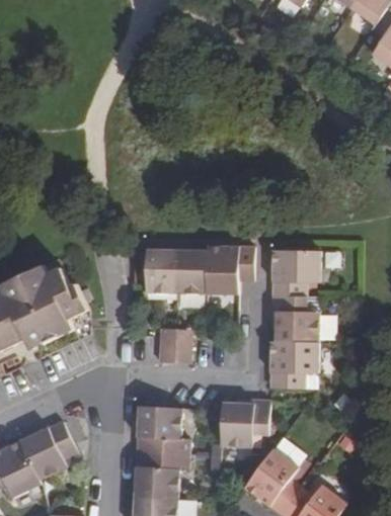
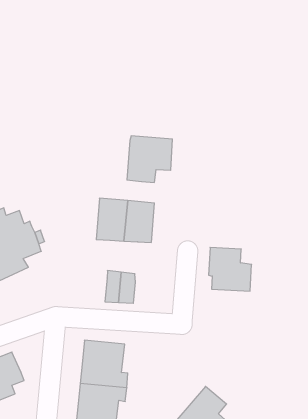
building: [207,245,254,294] -> [127,136,172,182]
building: [271,251,319,295] -> none
building: [270,341,318,388] -> none
building: [222,398,271,447] -> none

